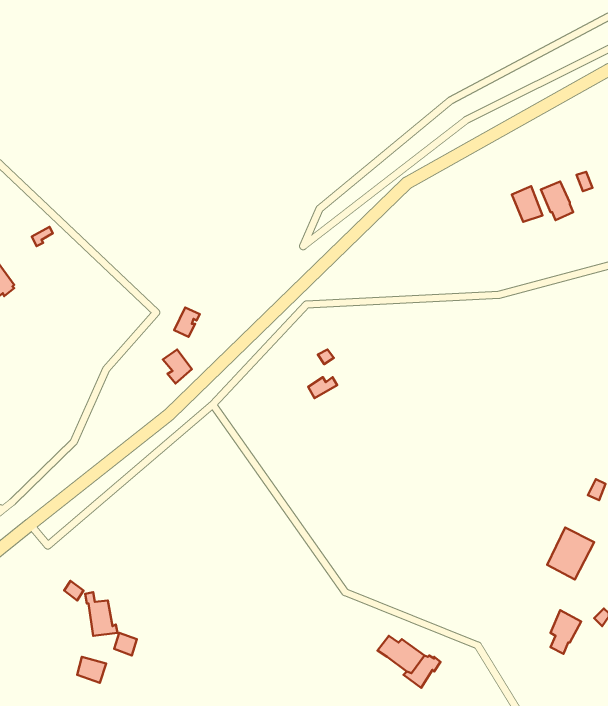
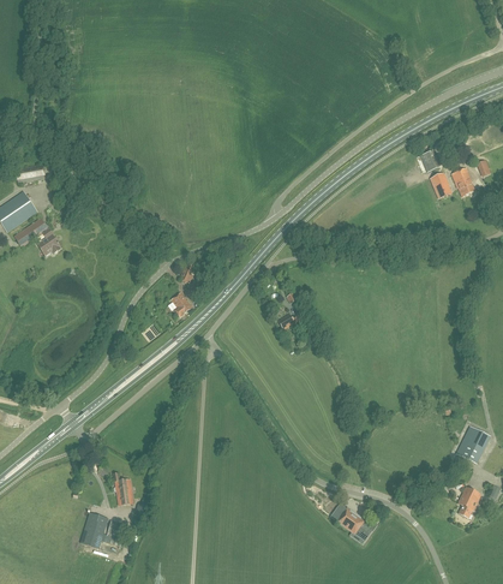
building: none -> [80,512,108,547]

